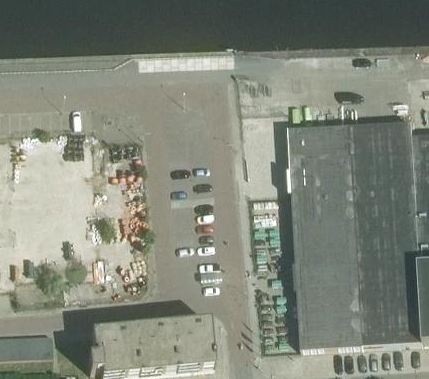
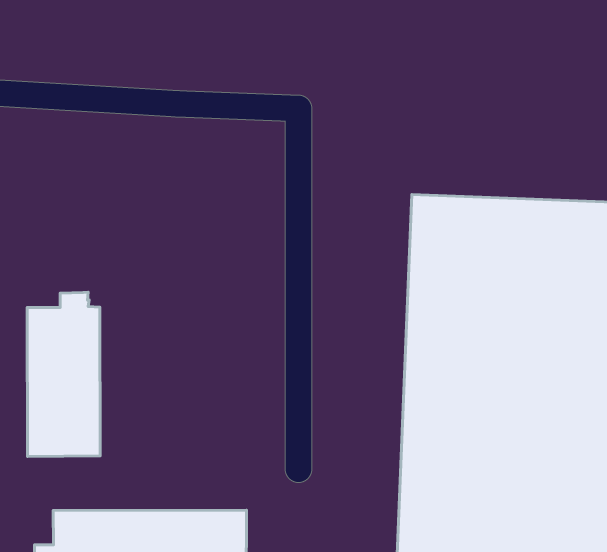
building: none -> [27,292,100,456]

